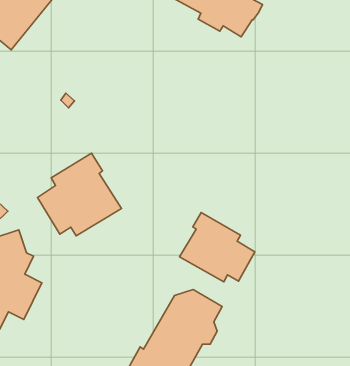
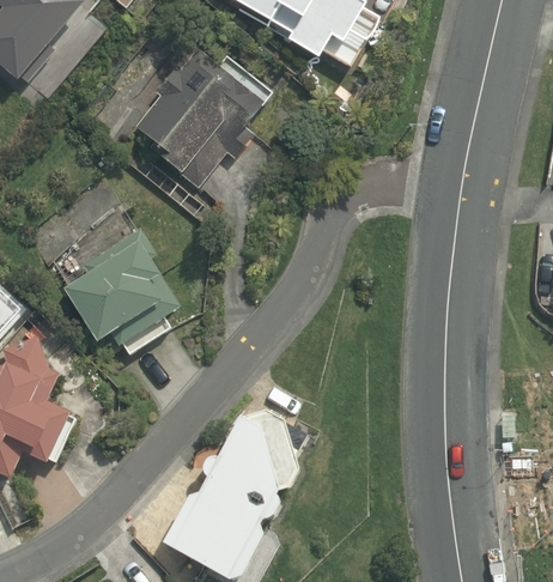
building: none -> [134,49,263,187]
building: [180,213,255,282] -> none

